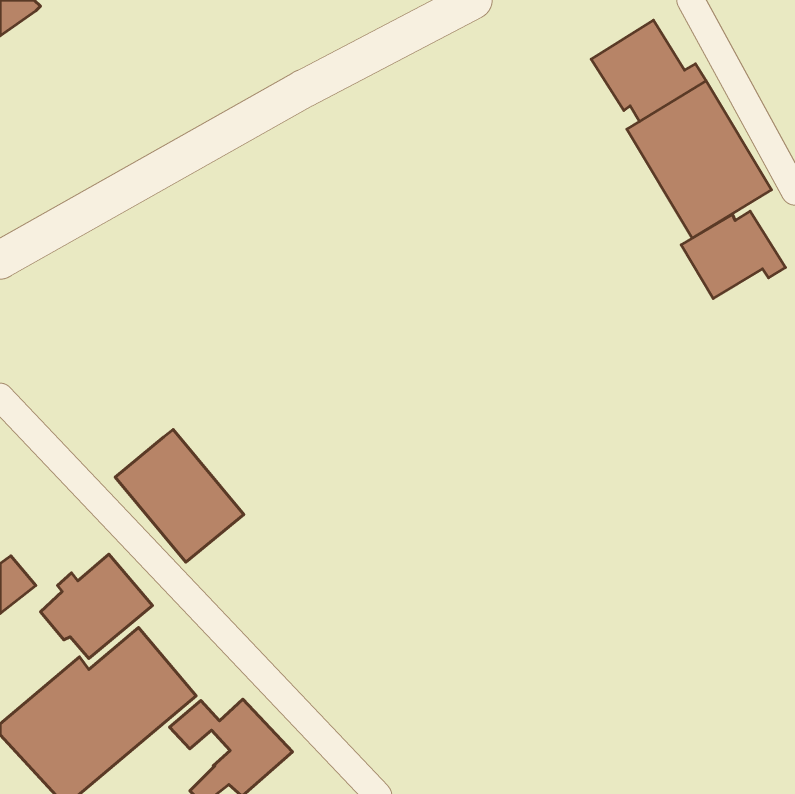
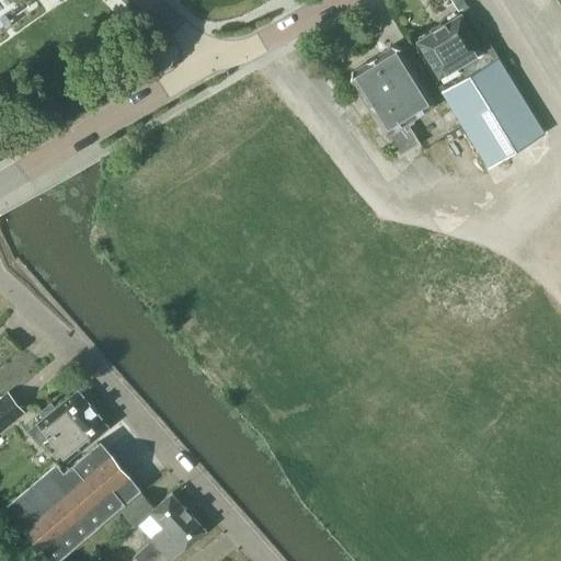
building: none -> [350,47,436,158]
building: [681,211,785,298] -> none
building: [115,429,244,562] -> none

